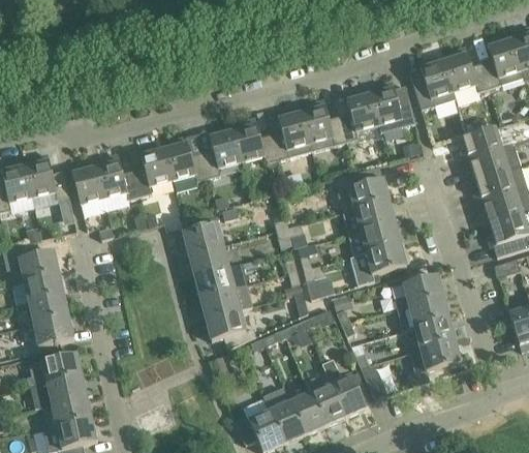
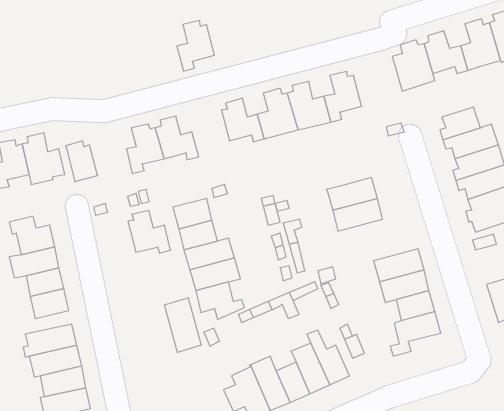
building: [371,82,416,133] -> none
building: [203,126,242,179] -> [177,21,214,71]
building: [96,155,141,200] -> [128,210,171,253]
building: [342,170,390,210] -> none
building: [351,244,407,285] -> none
building: none -> [164,298,201,352]

